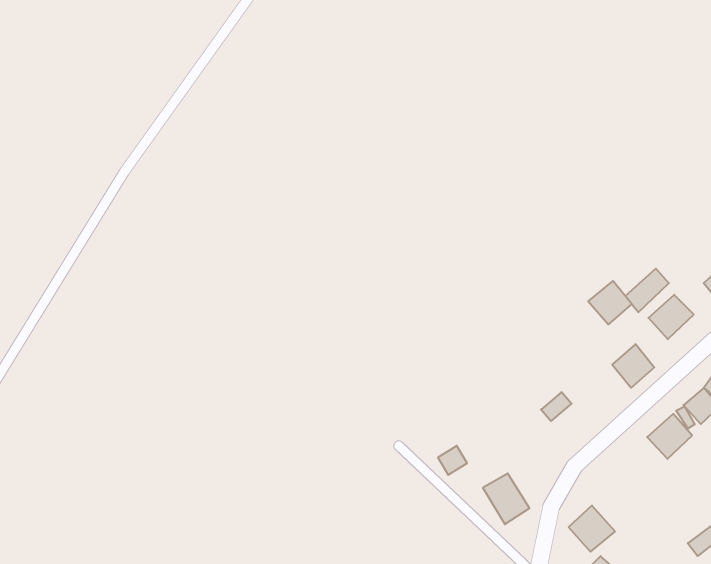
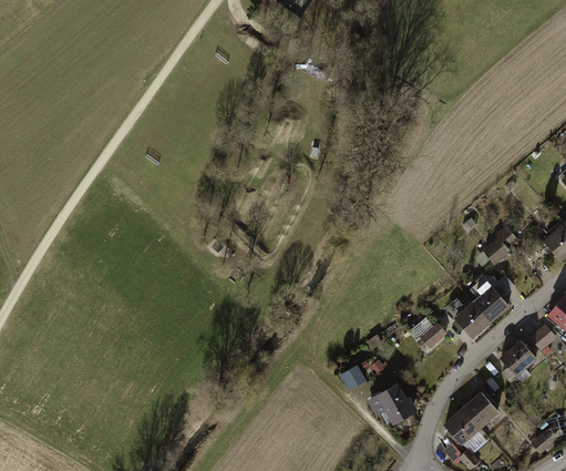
building: [588,281,632,324] -> [456,303,490,336]
building: [648,295,694,339] -> none
building: none -> [460,395,495,430]

